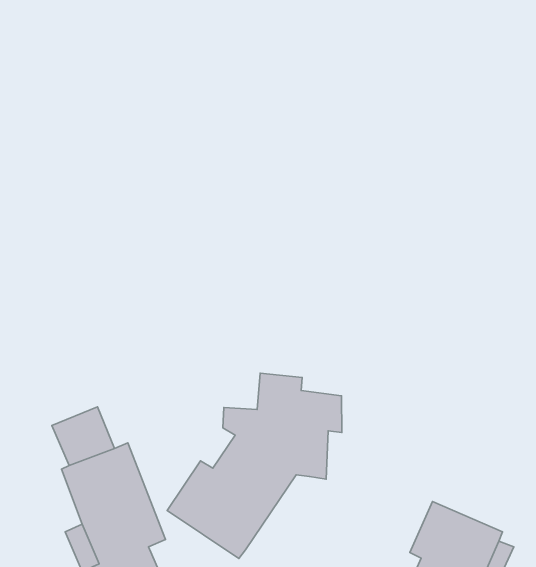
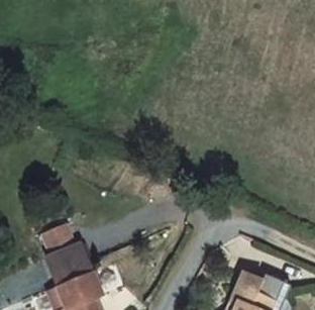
building: [167,373,342,559] -> none

